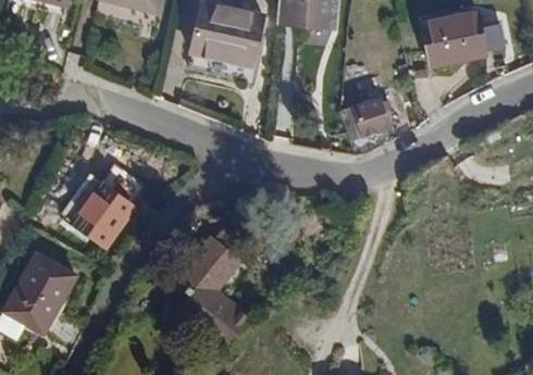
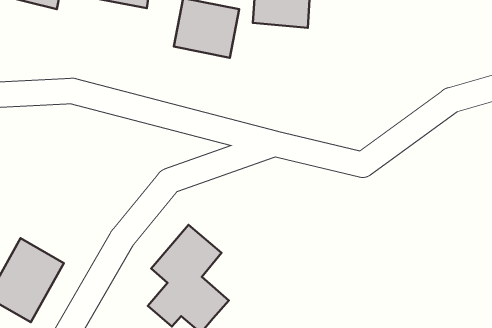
building: [418,9,491,70] -> none
building: [351,97,392,138] -> none
building: [65,178,137,250] -> none

